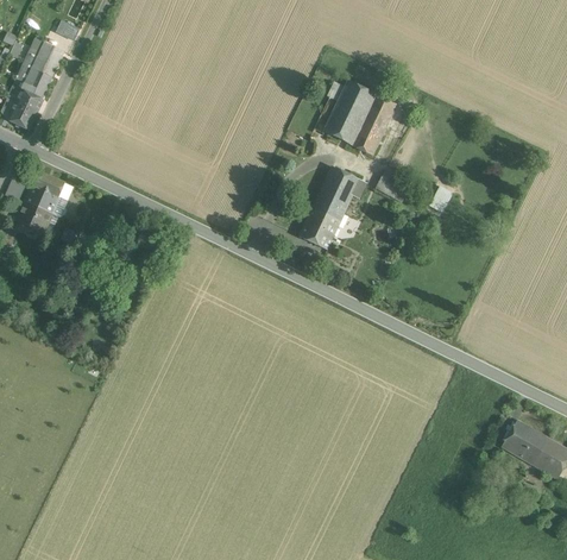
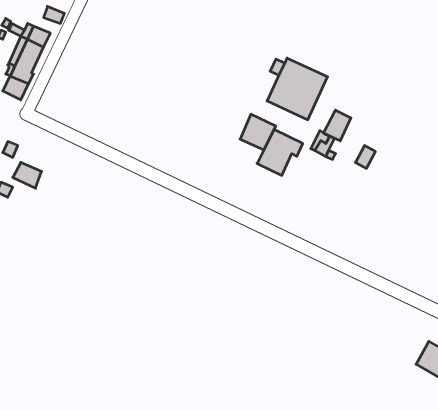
building: none -> [323,110,351,141]
building: [29,172,67,216] -> none
building: [298,207,341,250] -> [240,114,276,150]

